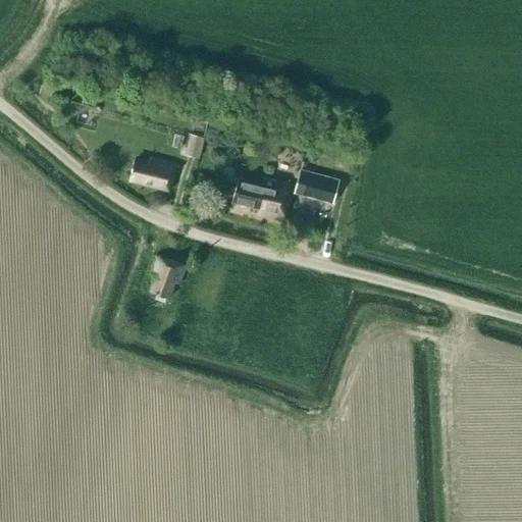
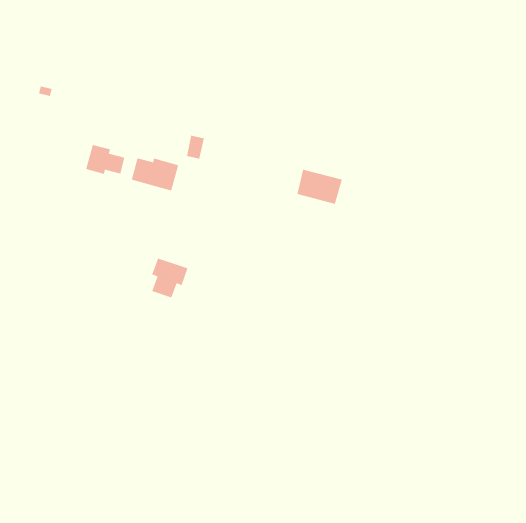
building: none -> [85,144,125,175]
building: [232,179,294,223] -> none

